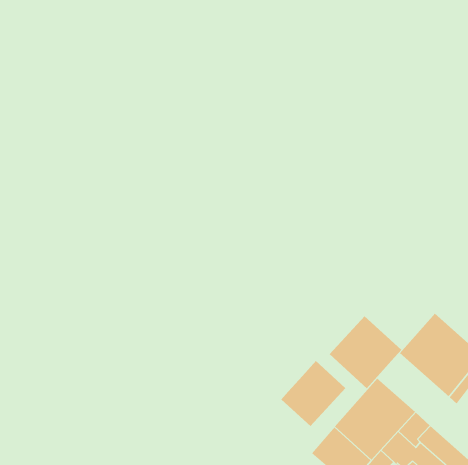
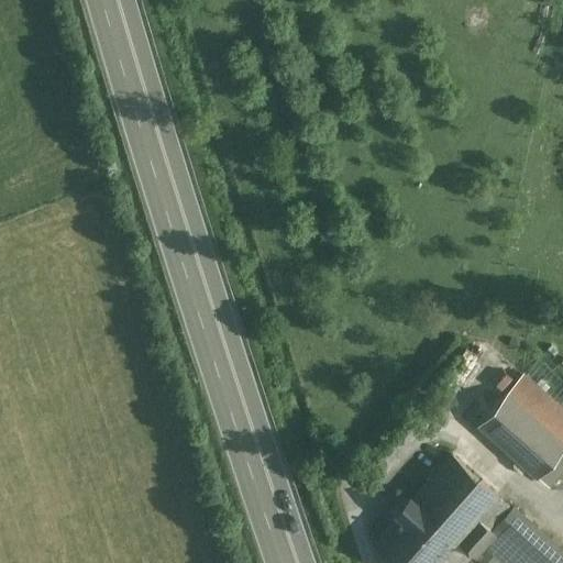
building: [329,316,402,389] -> none
building: [280,360,346,427] -> none

